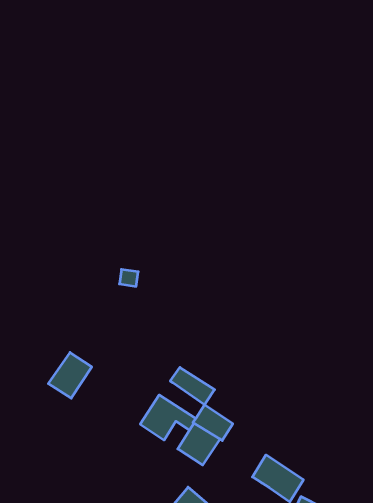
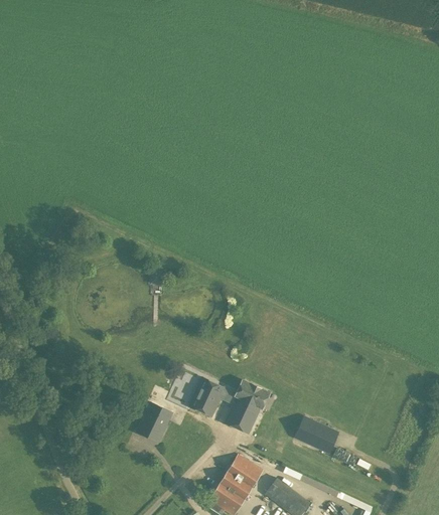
building: [48,352,92,398] -> [136,402,172,443]
building: [170,367,215,405] -> none

